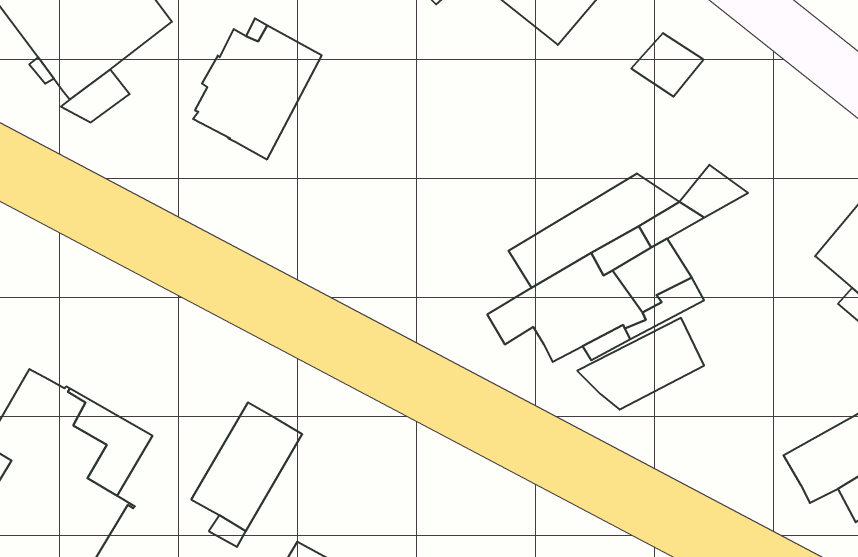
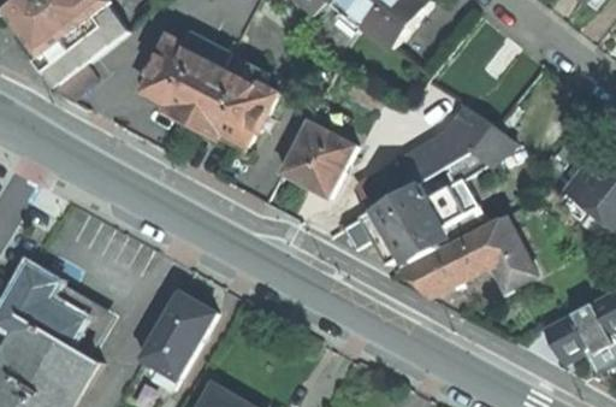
building: [631,33,703,97] -> [444,110,493,153]
building: none -> [191,53,278,151]
building: none -> [283,122,355,195]
building: none -> [474,216,535,290]

